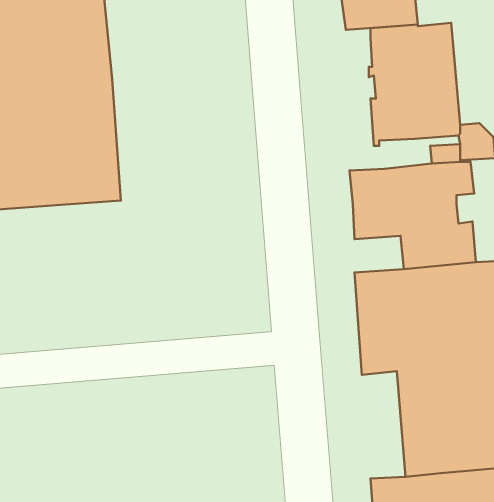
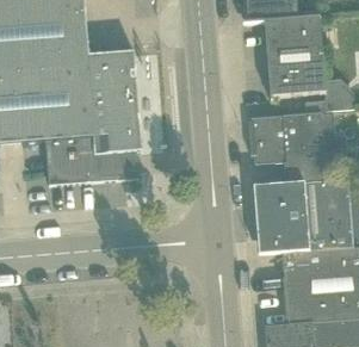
building: none -> [44,51,141,185]

